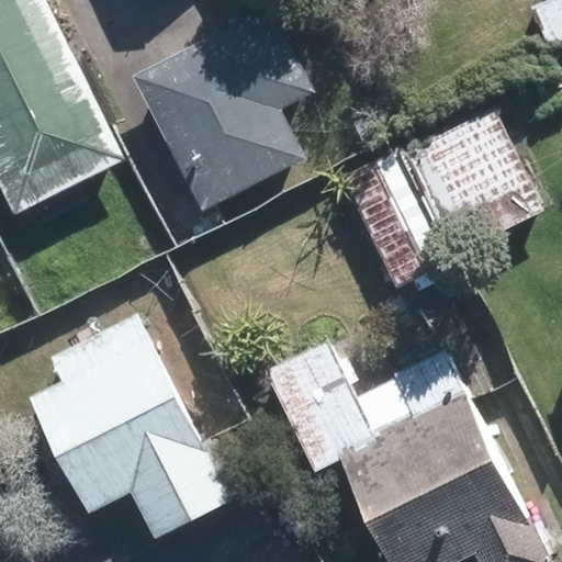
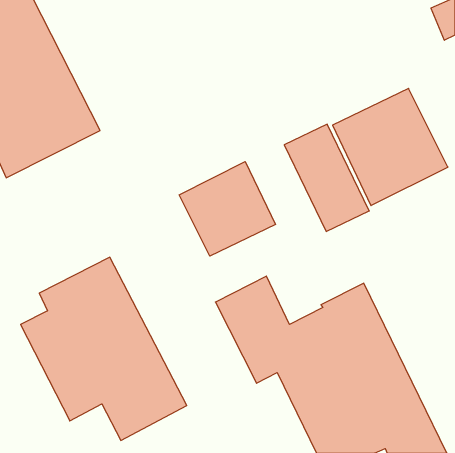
building: [131,9,308,212] -> none
building: none -> [179,162,276,256]

